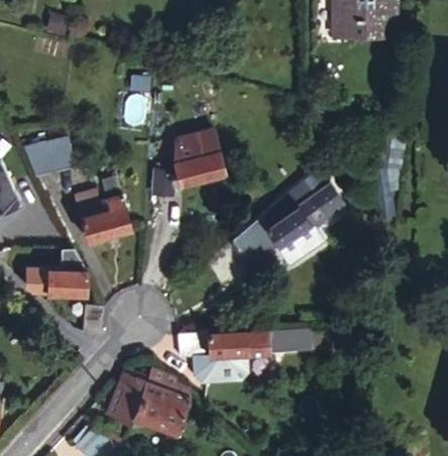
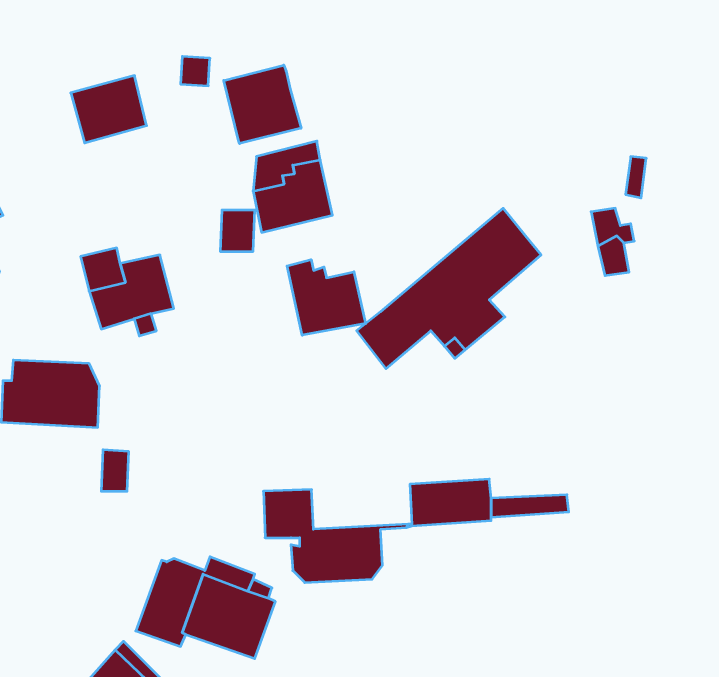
building: none -> [224,65,301,144]
building: [32,139,77,179] -> [71,76,147,143]
building: none -> [287,260,366,335]
building: [209,330,267,356] -> none

